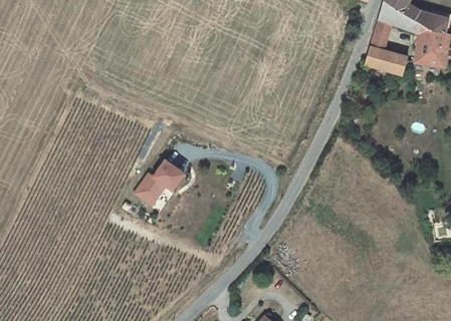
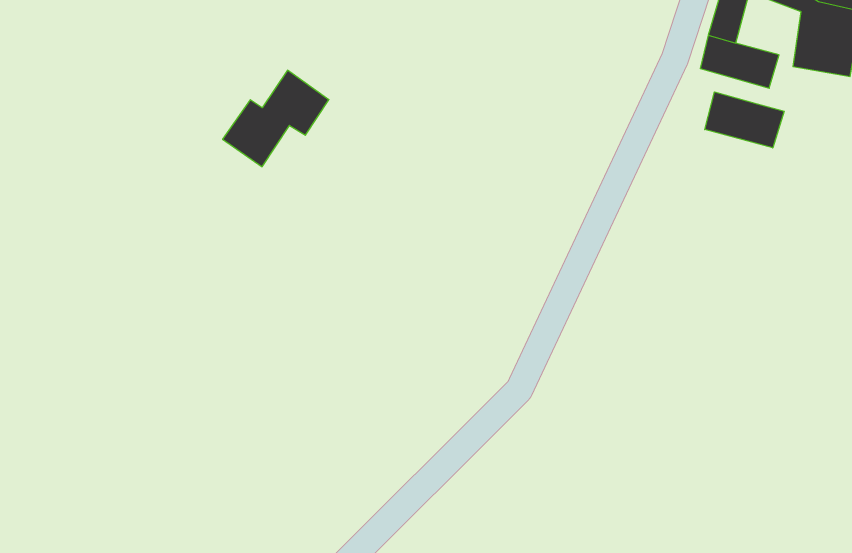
building: none -> [705,92,784,148]
building: [135,156,189,206] -> [223,70,329,167]

